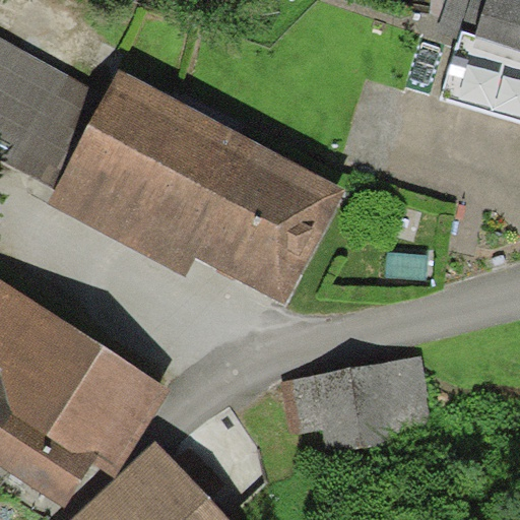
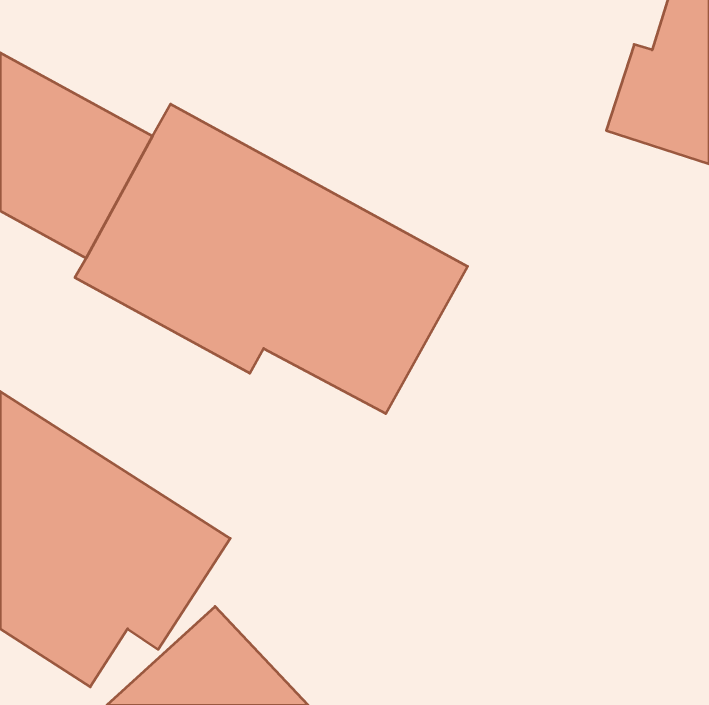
building: [283,360,429,445] -> none

